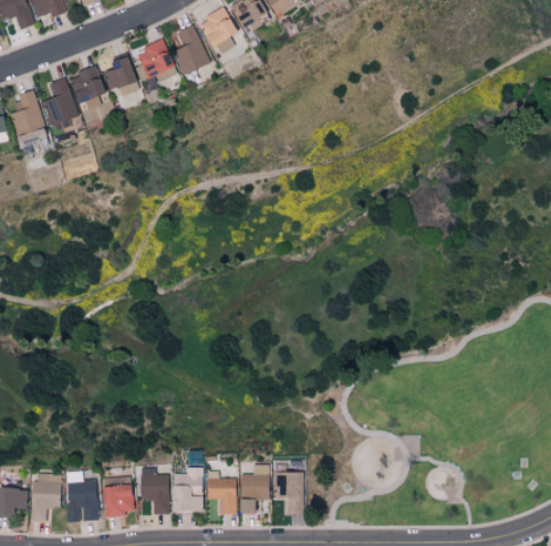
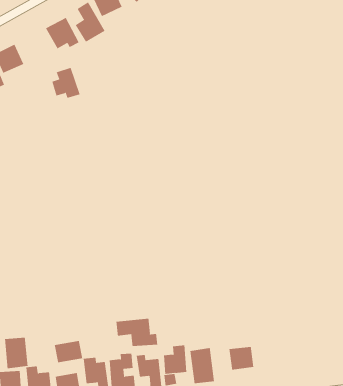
building: [104,55,138,94] -> [52,67,80,99]
building: none -> [116,318,158,347]
building: none -> [5,337,28,369]
building: none -> [54,340,83,363]
building: none -> [229,346,254,371]

